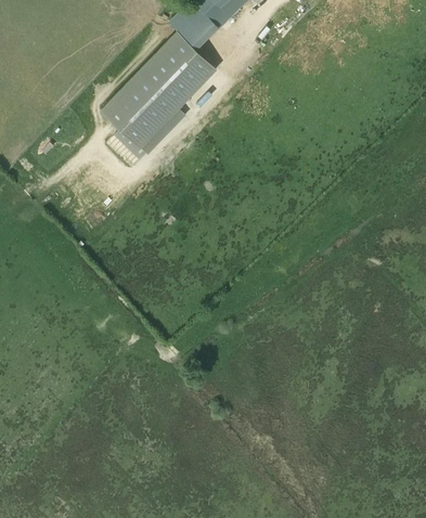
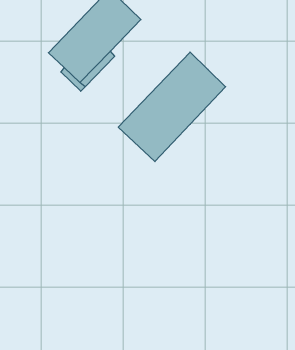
building: none -> [118,52,226,162]

